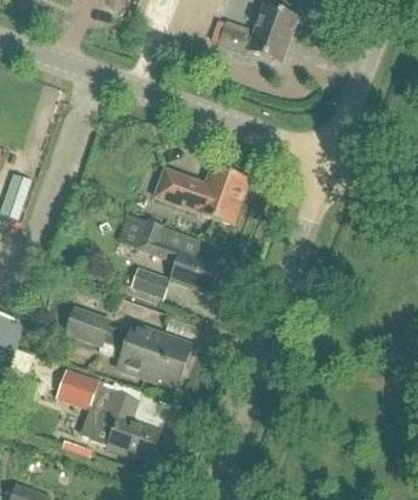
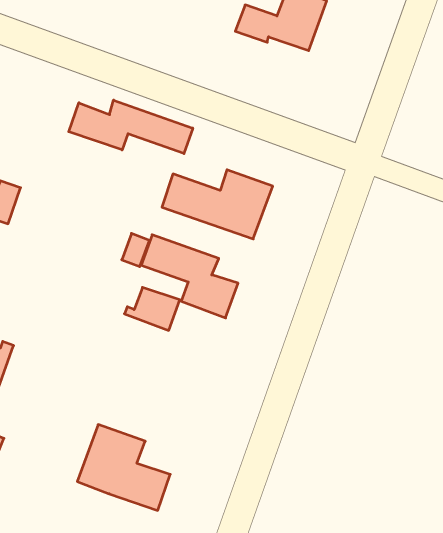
building: none -> [69,100,193,154]
building: [65,307,191,382] -> none
building: [42,366,99,407] -> none

